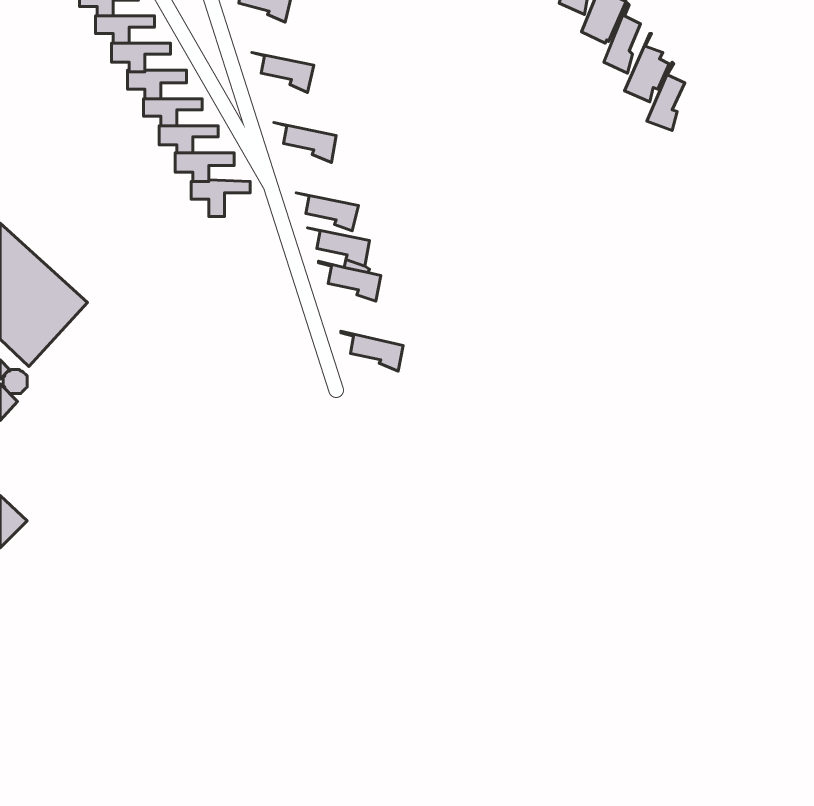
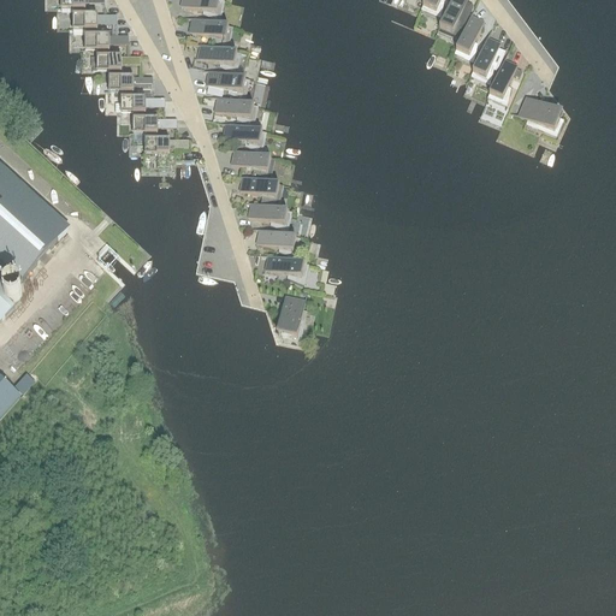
building: none -> [182,13,229,43]
building: none -> [199,66,245,96]
building: none -> [510,94,563,134]
building: none -> [215,119,262,149]
building: none -> [249,224,296,254]
building: none -> [277,289,307,340]

